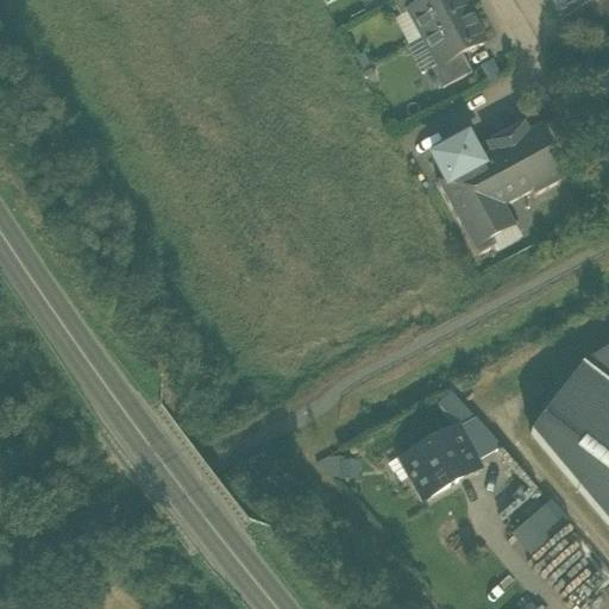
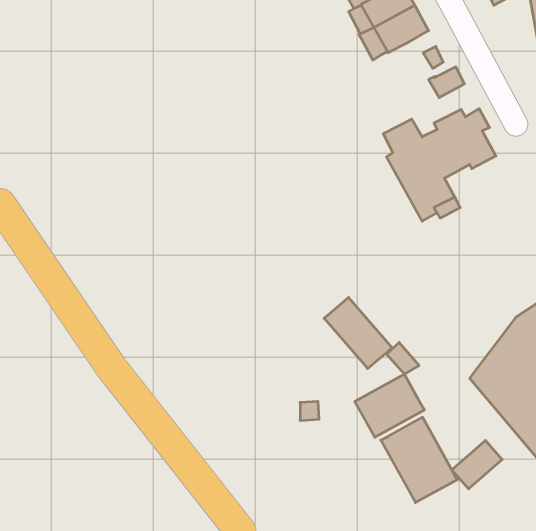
building: [433,48,473,82] -> [429,67,464,98]
building: none -> [324,297,392,369]
building: [459,413,503,457] -> none
building: none -> [381,417,457,503]

